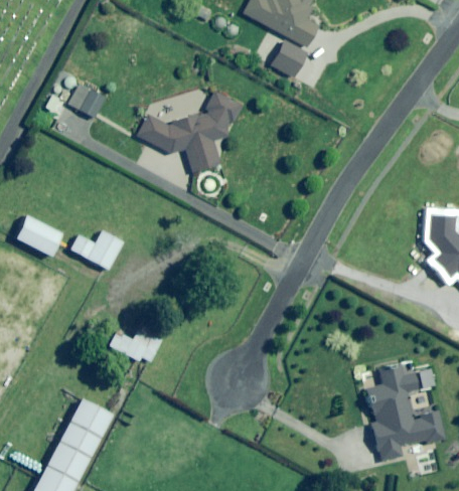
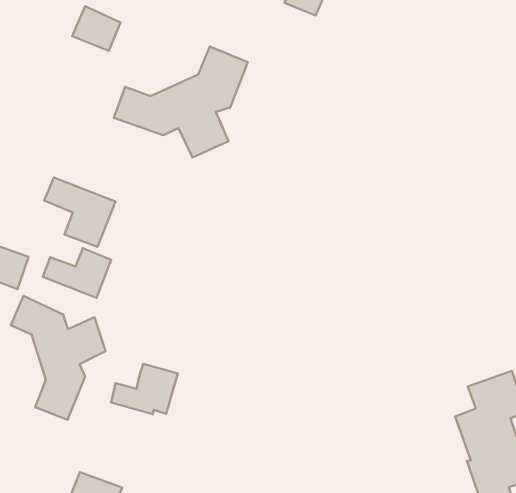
building: [68,83,106,118] -> [72,6,121,51]
building: none -> [44,177,115,247]
building: none -> [11,296,106,420]

